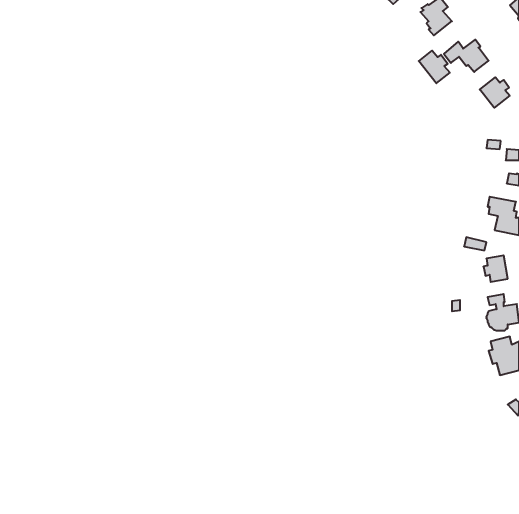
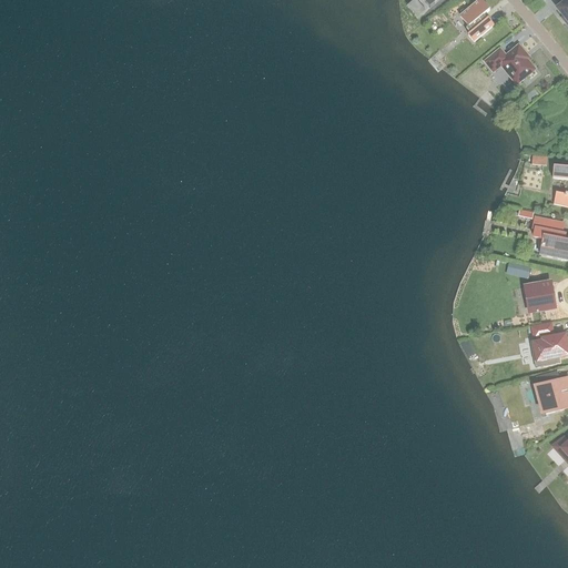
building: [419,51,450,83] -> none
building: [480,77,510,108] -> none

